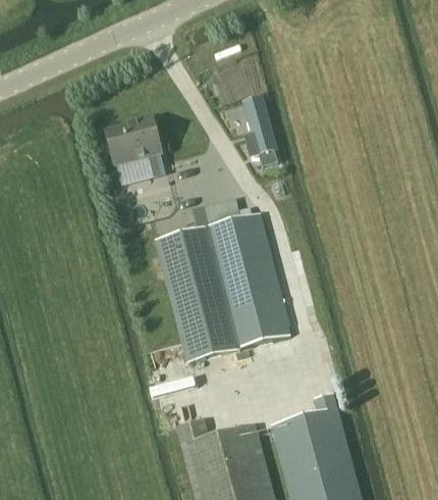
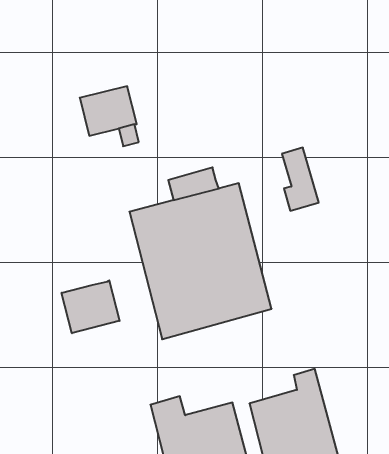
building: [241,97,277,158] -> [282,148,319,211]
building: none -> [62,280,120,333]

